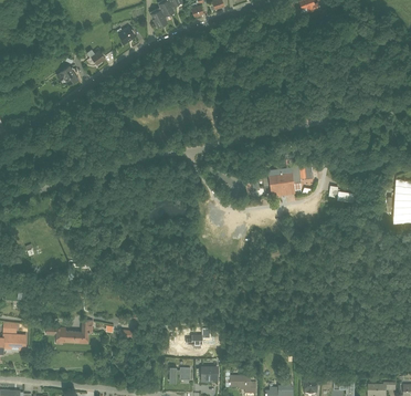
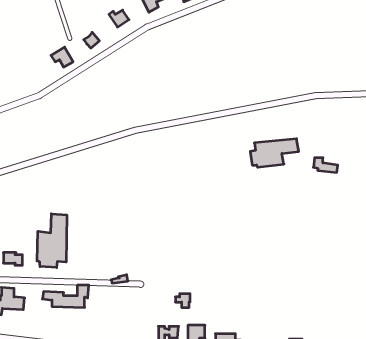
building: none -> [37,214,67,268]

